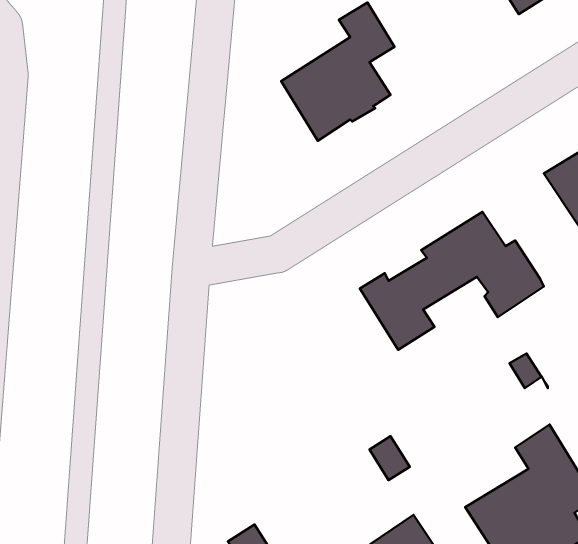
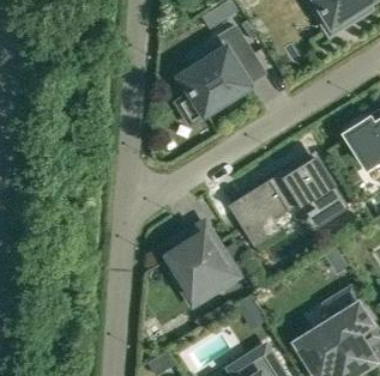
building: none -> [168,223,237,304]

